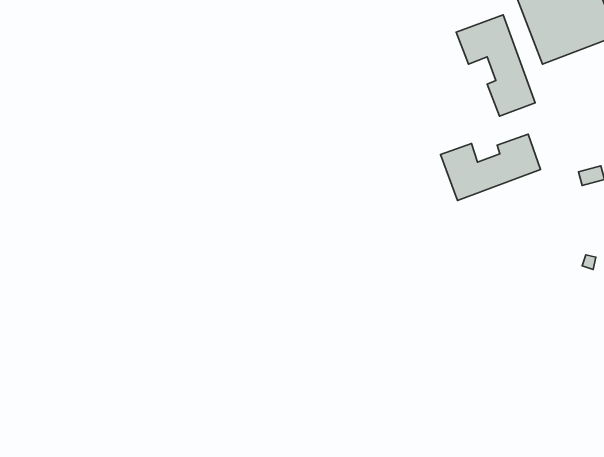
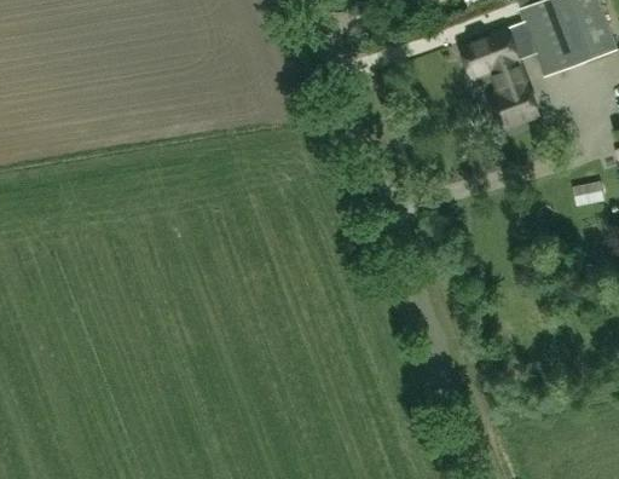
building: [441,134,541,200] -> none

